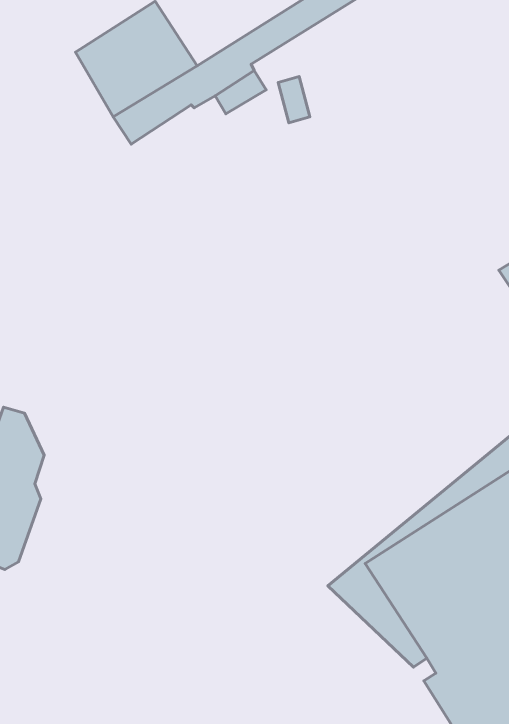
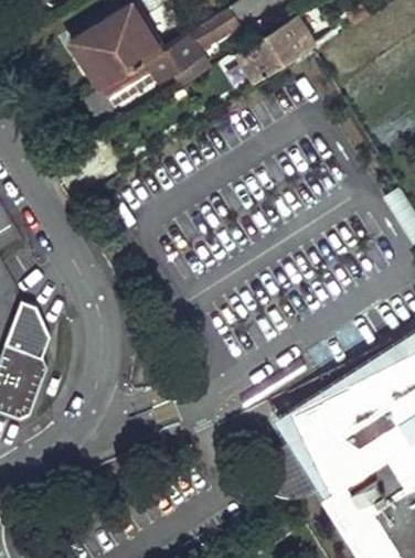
building: none -> [237,15,319,84]

